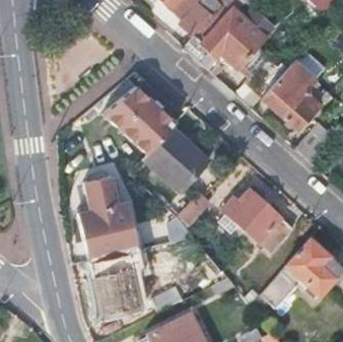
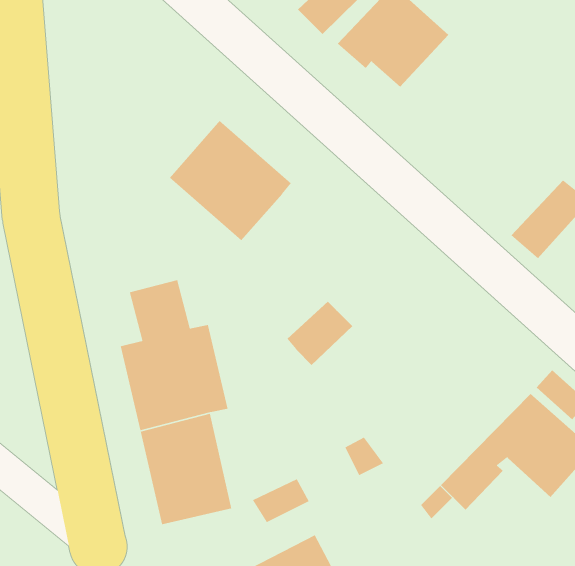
building: [259,46,325,129] -> none
building: [142,127,206,192] -> none
building: [221,186,293,250] -> none

